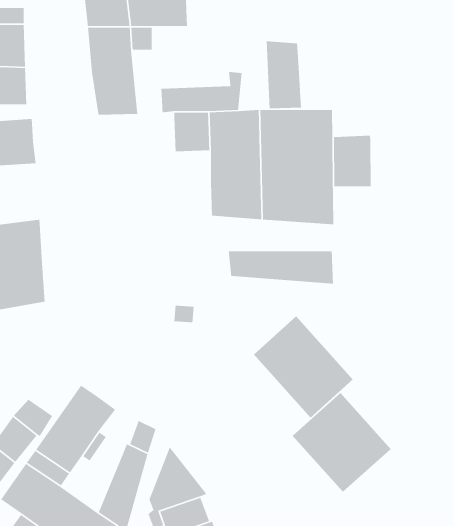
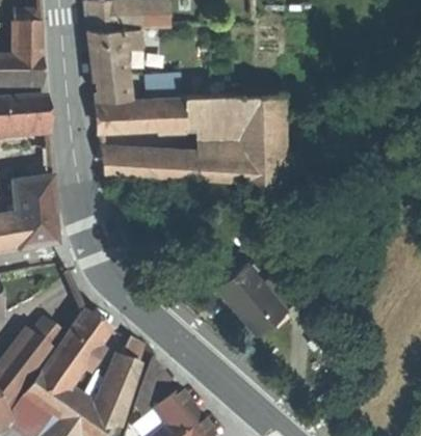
building: [266,41,302,109] -> none
building: none -> [96,98,157,128]
building: [333,135,372,187] -> none
building: [228,250,334,284] -> [102,149,186,176]
building: [292,392,392,493] -> none

